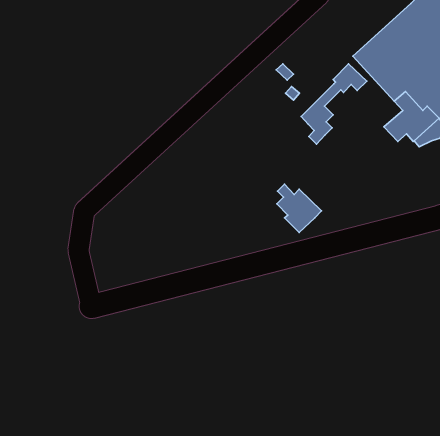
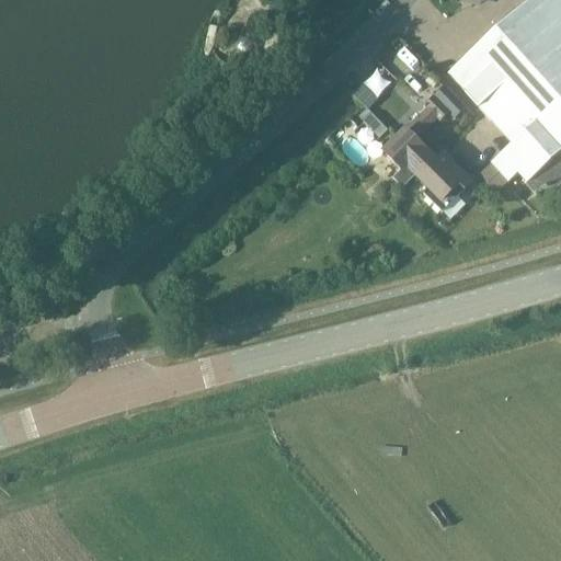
building: [277,184,322,232] -> [414,146,471,207]

